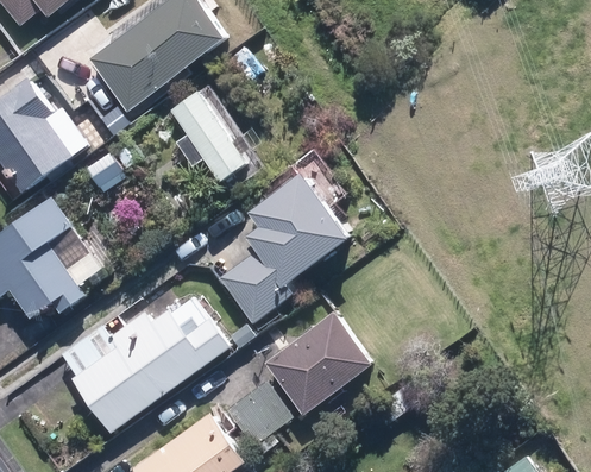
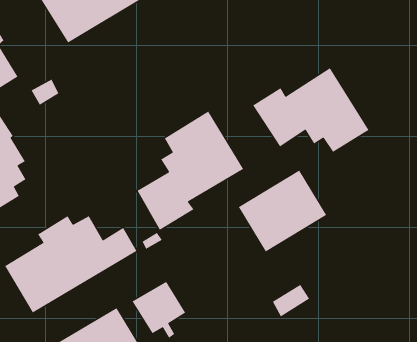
building: [169,92,251,182] -> none
building: none -> [252,67,370,153]
building: [264,314,370,415] -> [238,170,327,253]

